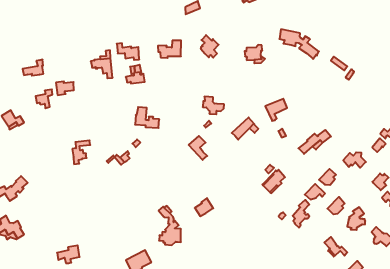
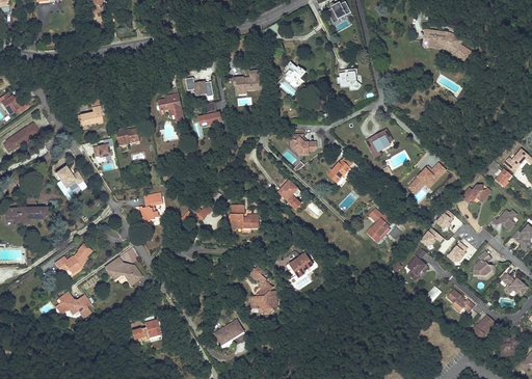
building: [279,29,319,59] -> [423,29,471,61]
building: [135,107,159,128] -> [230,205,258,227]
building: none -> [106,255,142,285]

